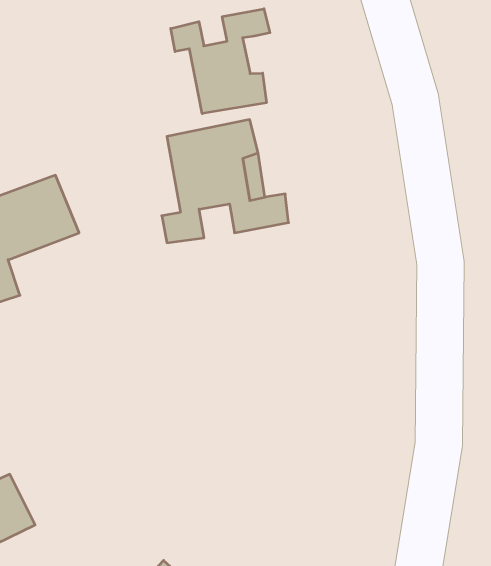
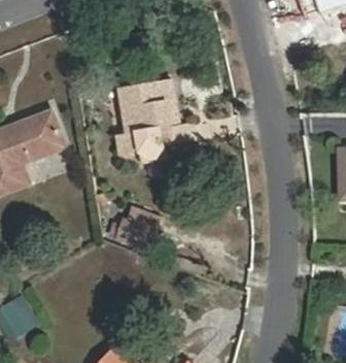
building: [171,9,270,114] -> none

